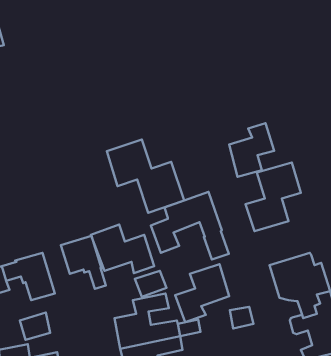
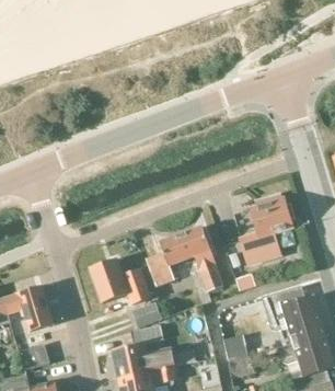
building: [229,123,274,177] -> none
building: [107,140,184,213] -> none
building: [61,236,106,289] -> none
building: [175,264,229,322] -> none

